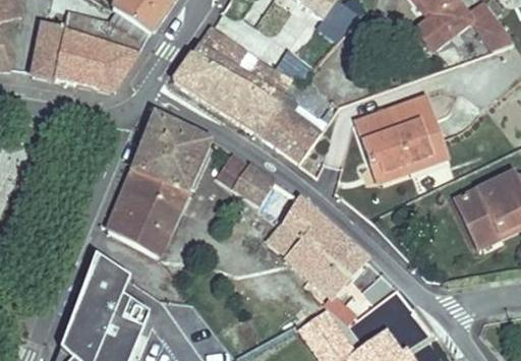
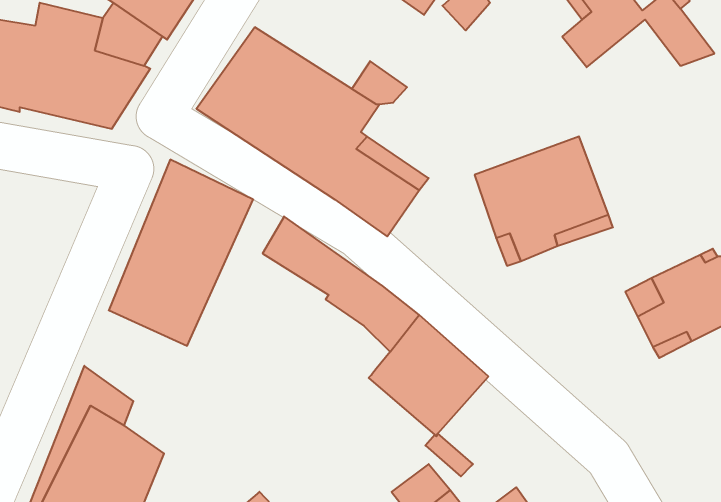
building: [107,213,165,255] -> none

